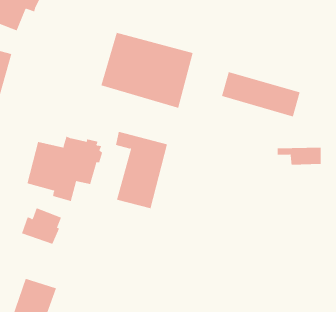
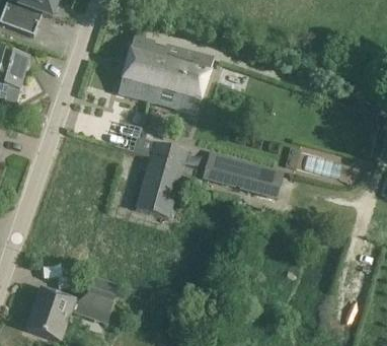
building: [221,71,301,117] -> [201,148,282,195]
building: [27,136,103,202] -> none
building: [21,208,62,244] -> [75,274,117,312]

